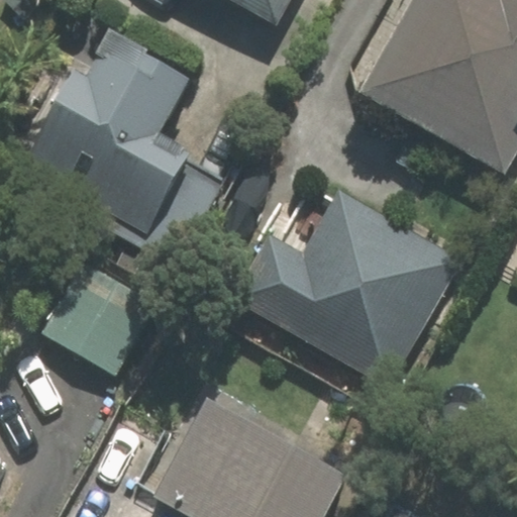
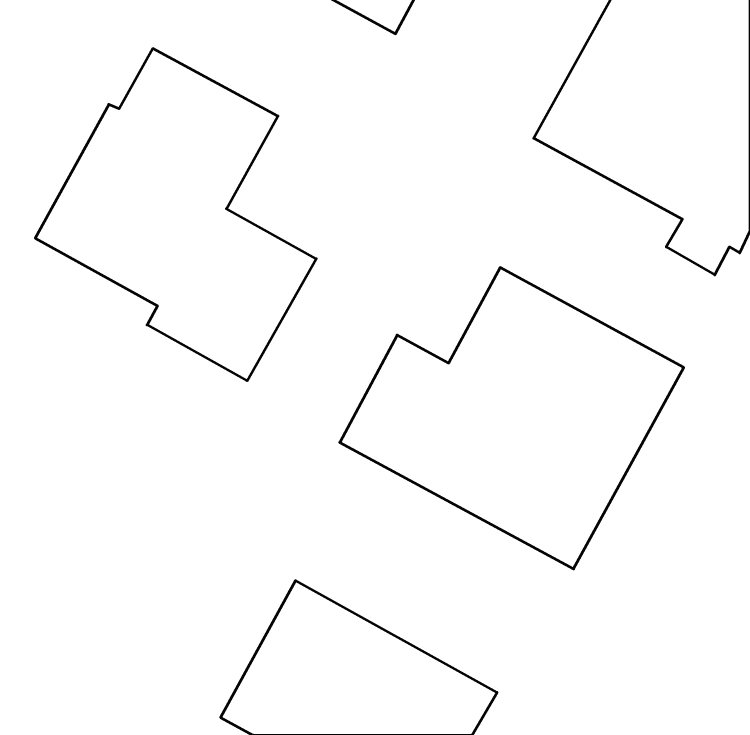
building: [39,257,152,368] -> none

